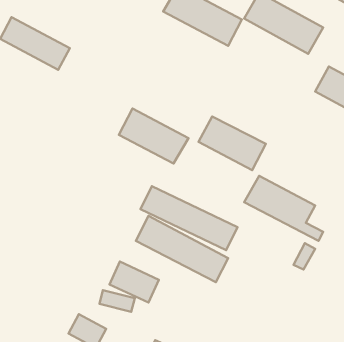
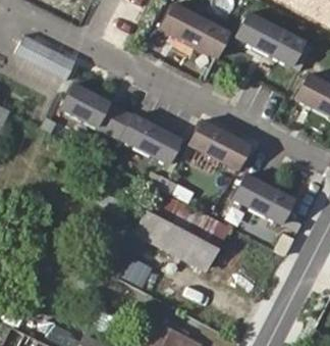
building: none -> [61,83,133,138]

